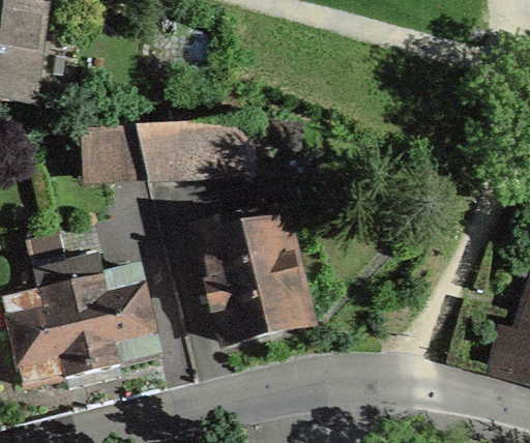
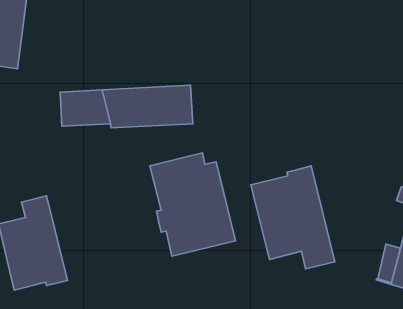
building: none -> [251,166,335,269]
building: [66,257,159,373] -> none

